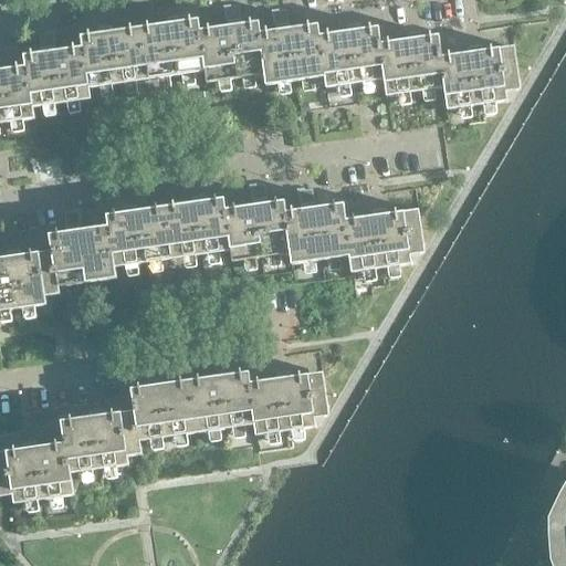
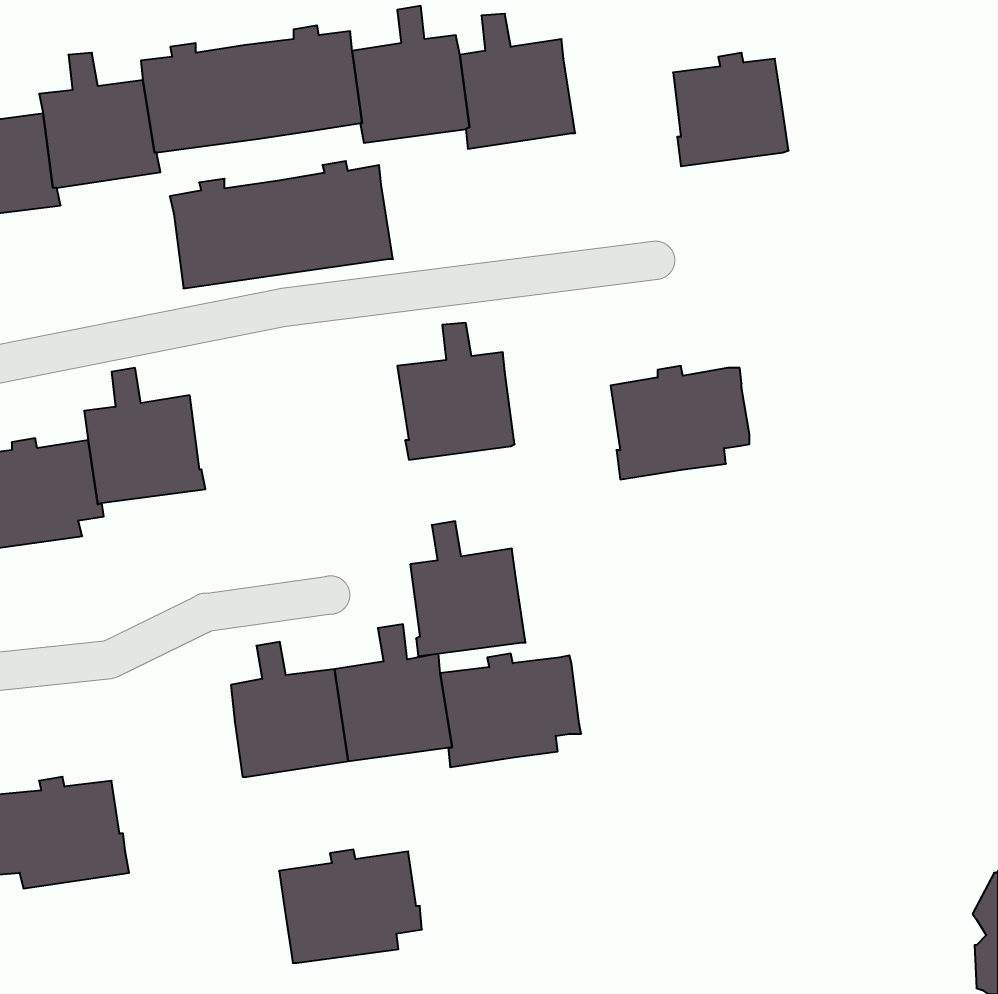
building: [318,22,385,86] -> none
building: [441,44,520,108] -> none
building: [285,186,350,262] -> [410,521,526,656]
building: [105,193,231,265] -> [170,161,393,288]
building: [60,407,140,471] -> [279,849,422,963]

